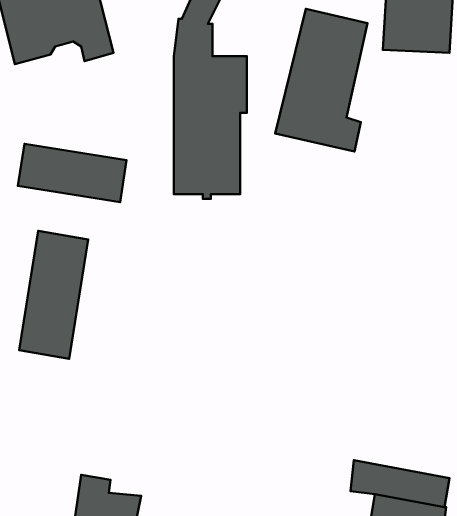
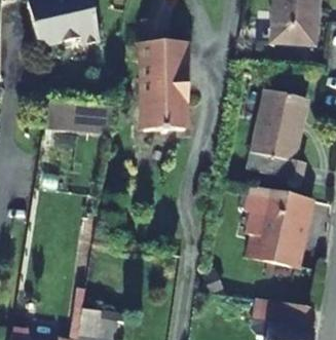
building: [275,9,367,151] -> [249,90,307,181]
building: [19,231,88,359] -> none
building: none -> [245,186,309,267]

